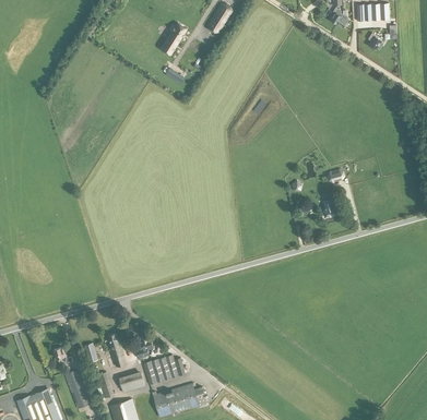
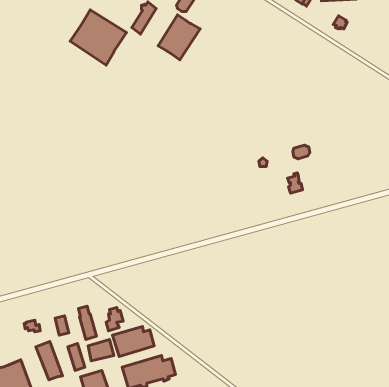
building: none -> [70,10,127,65]
building: none -> [158,15,200,60]

